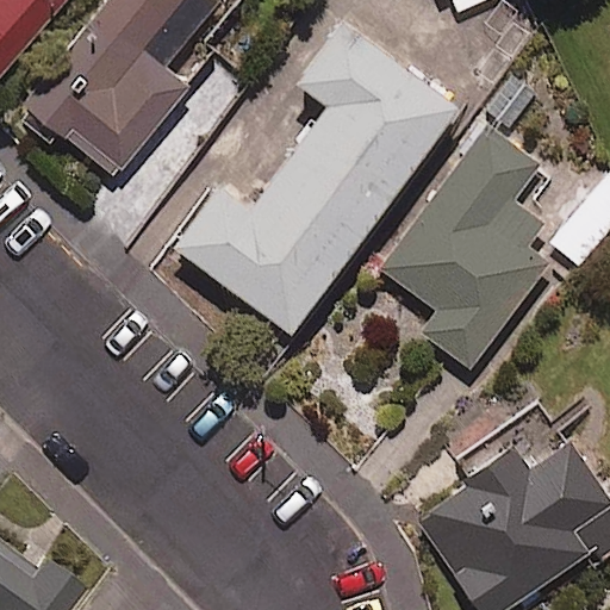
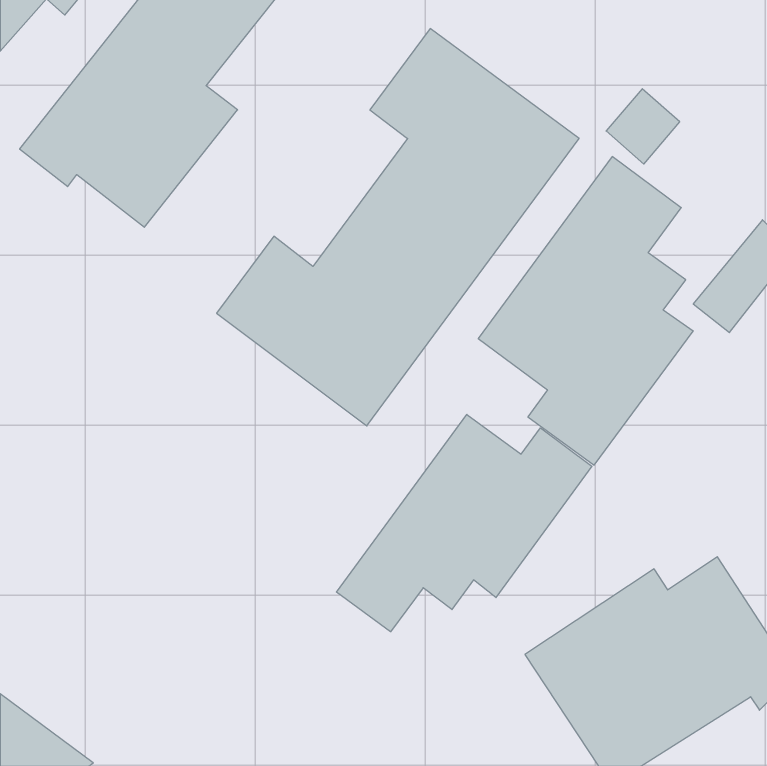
building: none -> [336,414,592,632]

